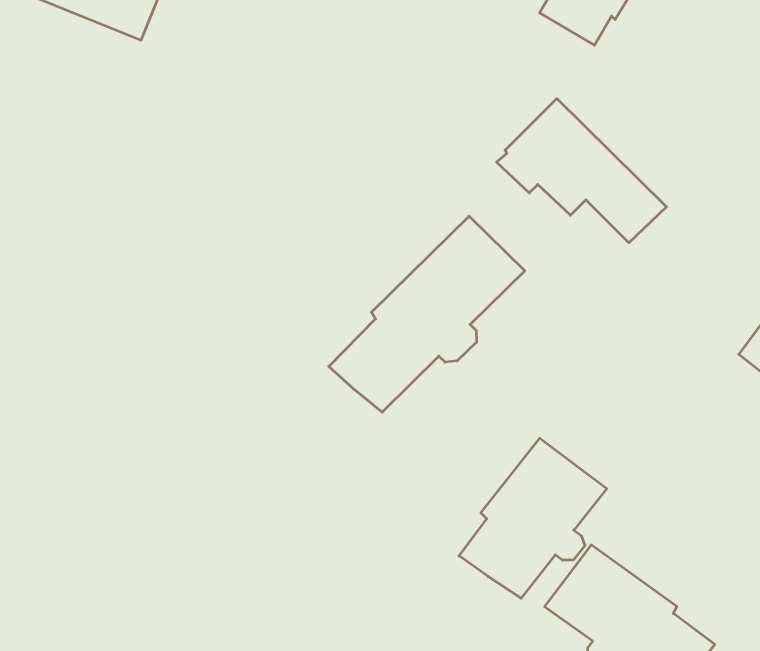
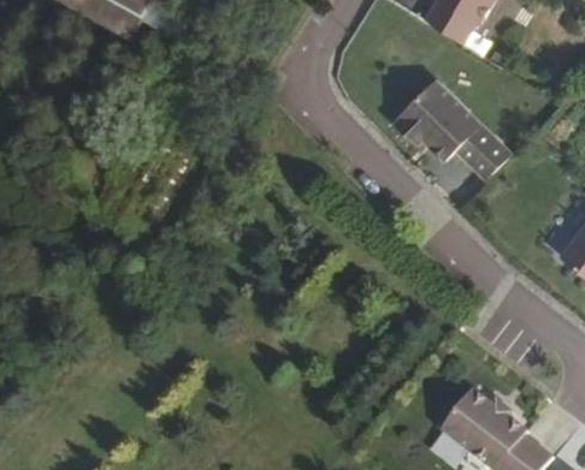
building: [329,216,525,412] -> none
building: [459,438,607,598] -> none

